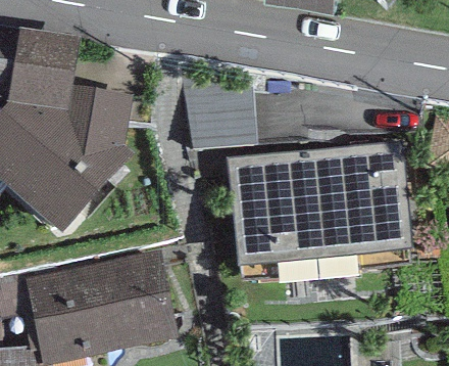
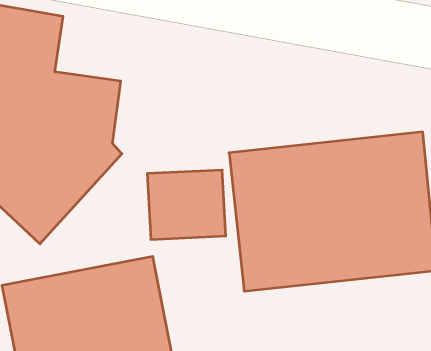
building: [196,87,265,148] -> [147,170,226,239]

